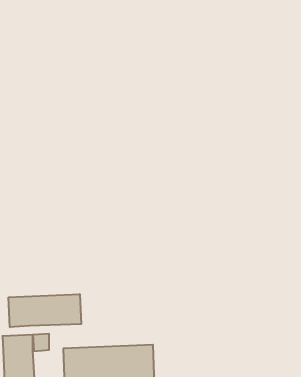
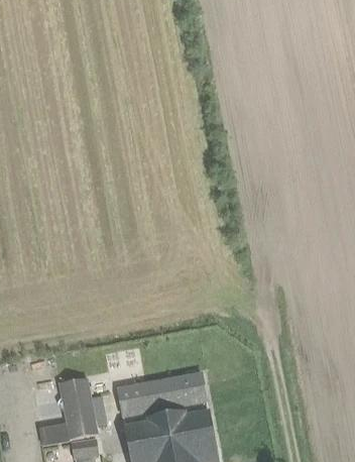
building: [9,294,81,327] -> none

